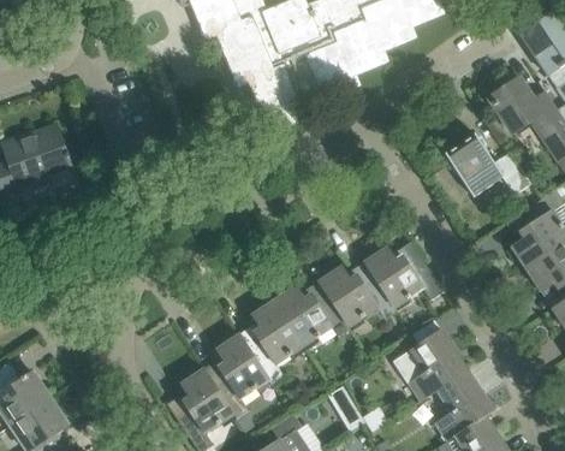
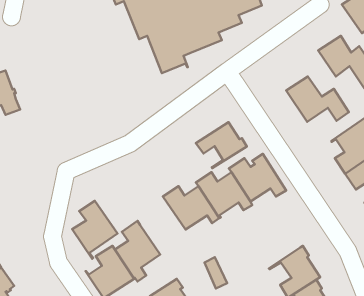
building: none -> [196,122,247,168]
building: [242,299,304,380] -> [72,201,117,259]
building: [393,328,463,399] -> none

